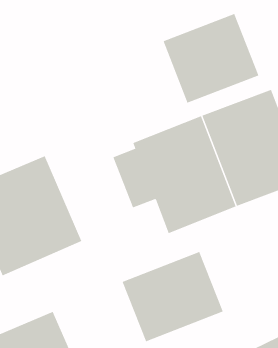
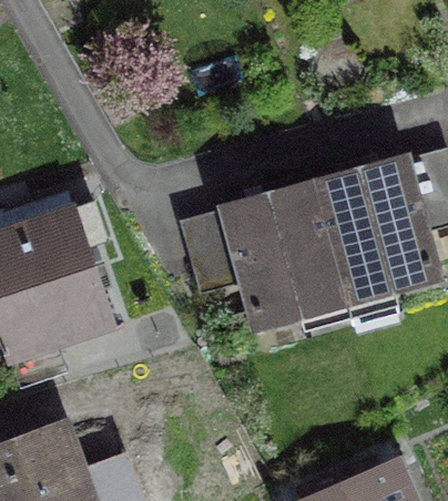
building: [163,13,259,103] -> none
building: [122,251,224,342] -> none

